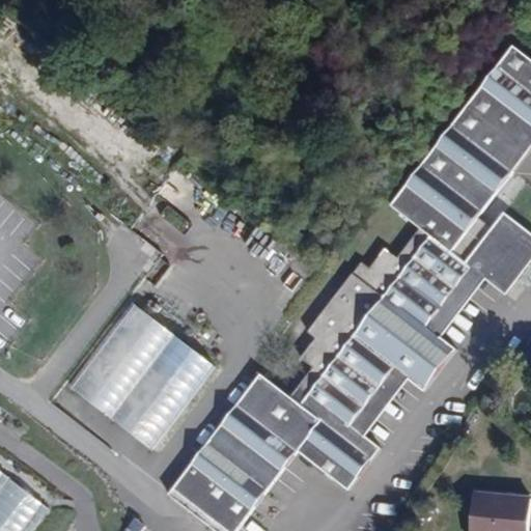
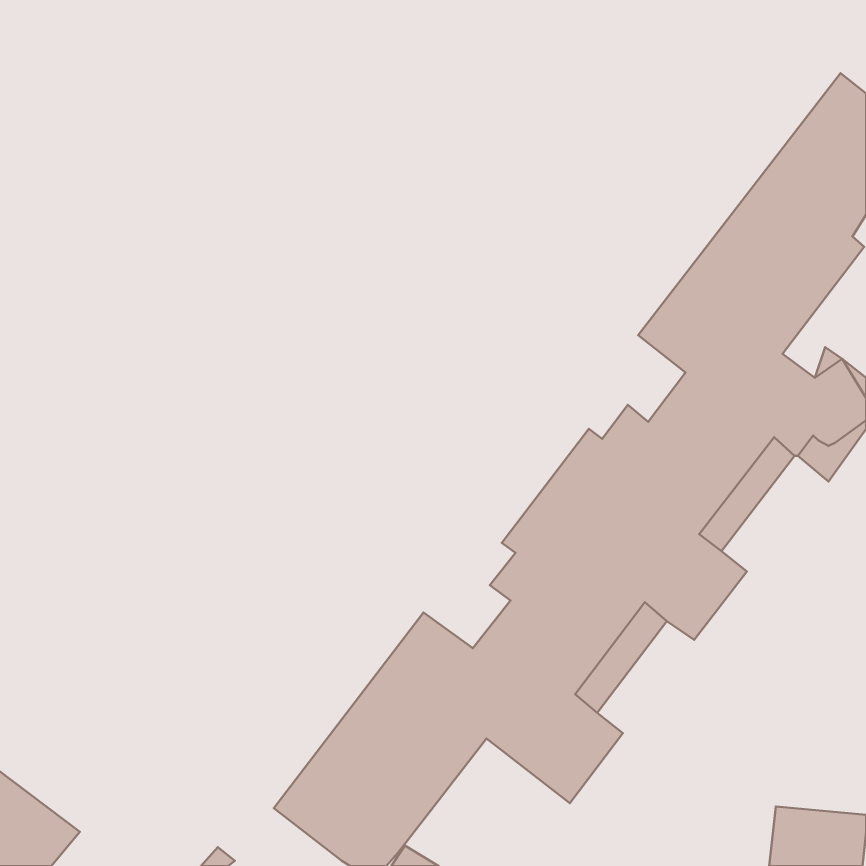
building: [71,304,214,448] -> none

